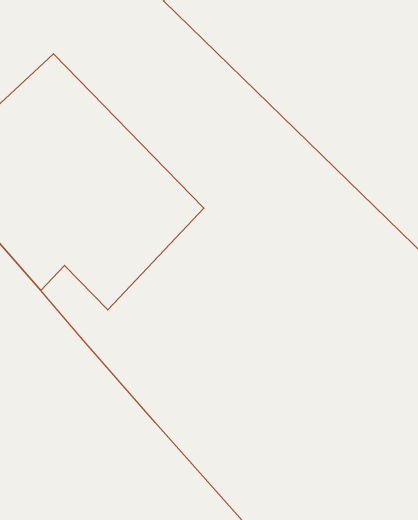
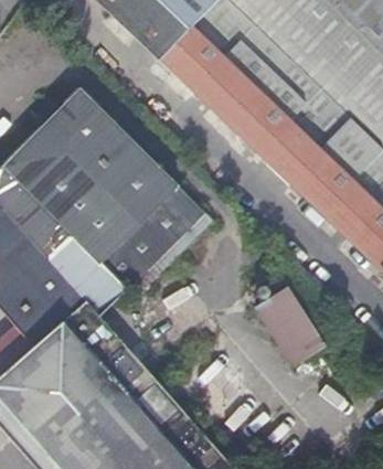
building: none -> [70,260,123,318]
building: none -> [263,294,329,371]

